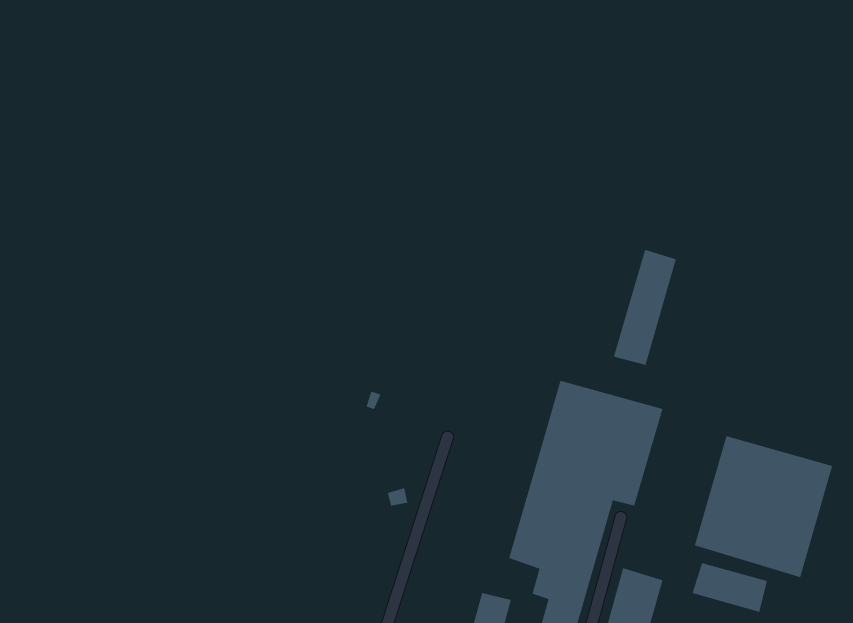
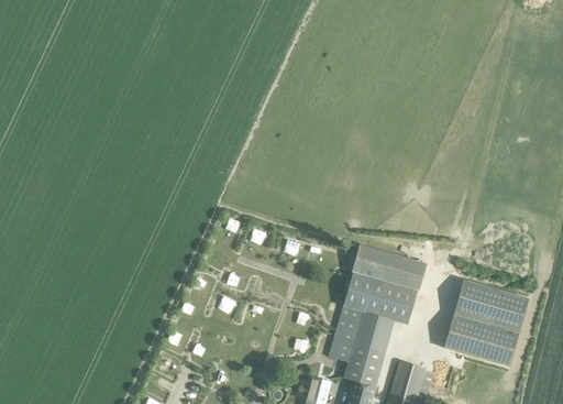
building: [613,249,677,366] -> none
building: [691,562,768,613] -> none

